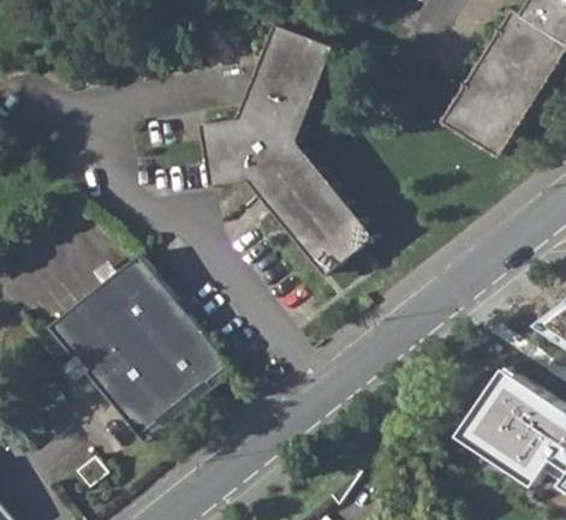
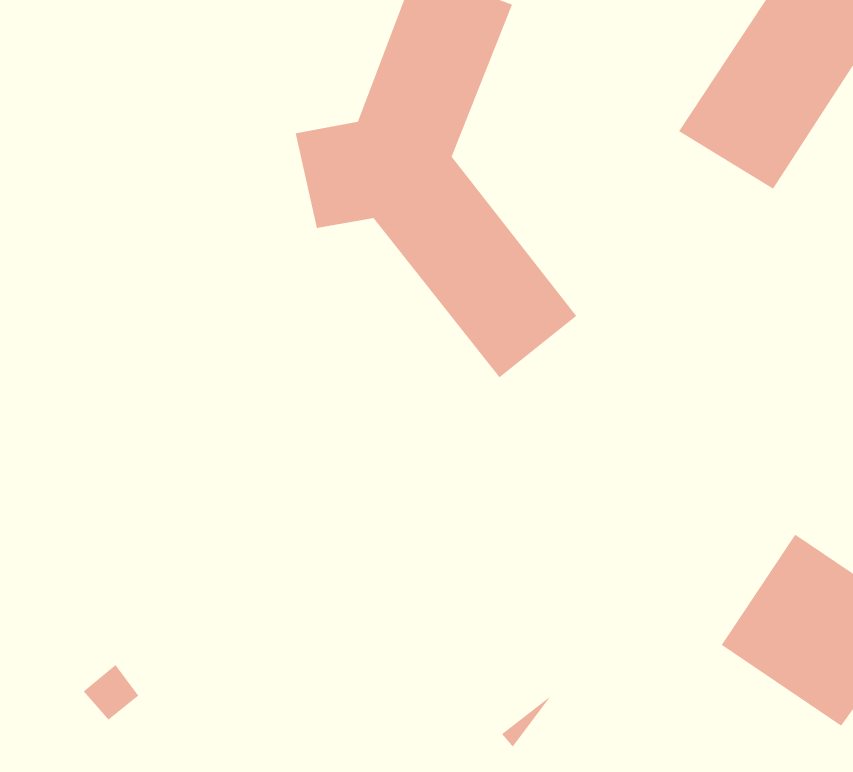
building: [48,253,232,441] -> none

